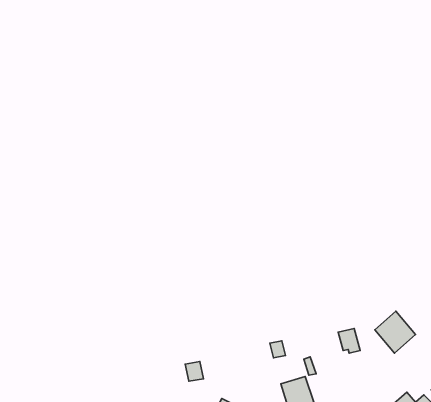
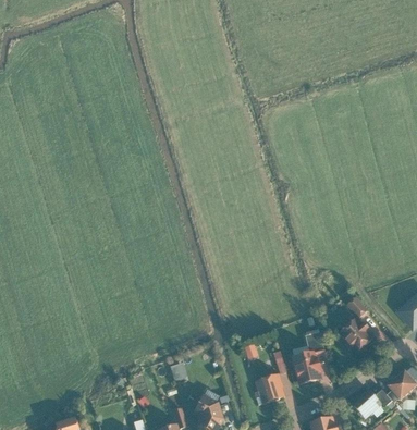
building: none -> [293,351,321,384]

